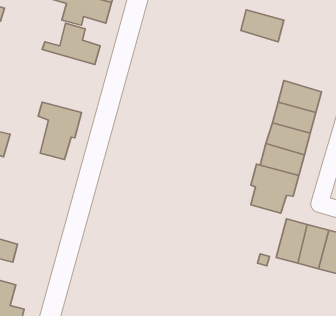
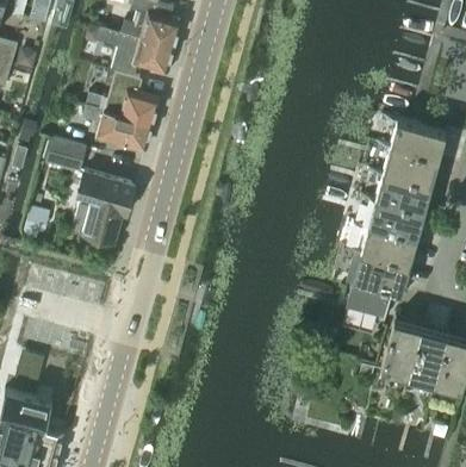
building: [241,10,284,42] -> [391,119,446,160]
building: none -> [81,106,151,149]
building: none -> [46,139,83,170]

